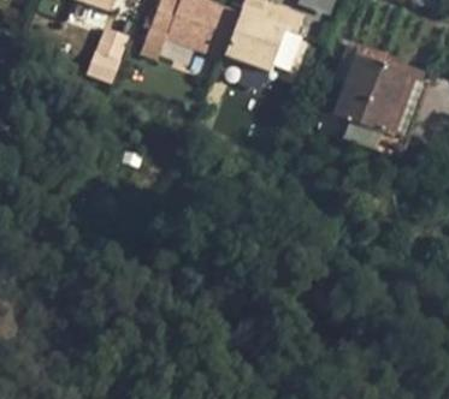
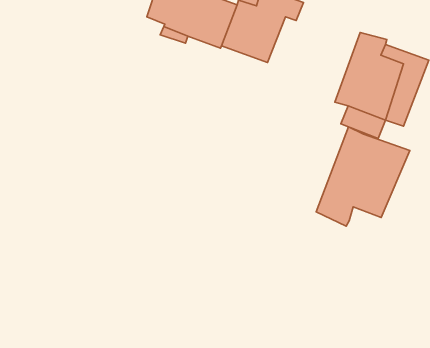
building: [87,20,128,77] -> none
building: none -> [316,127,410,226]

